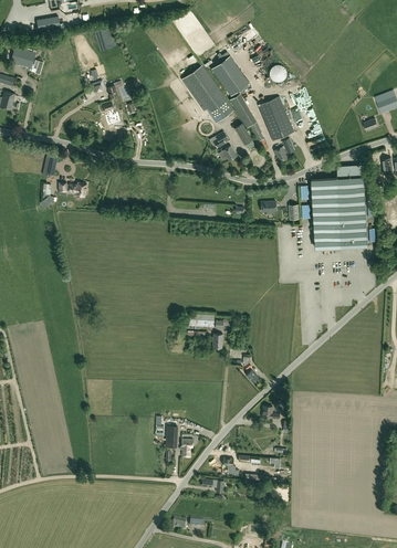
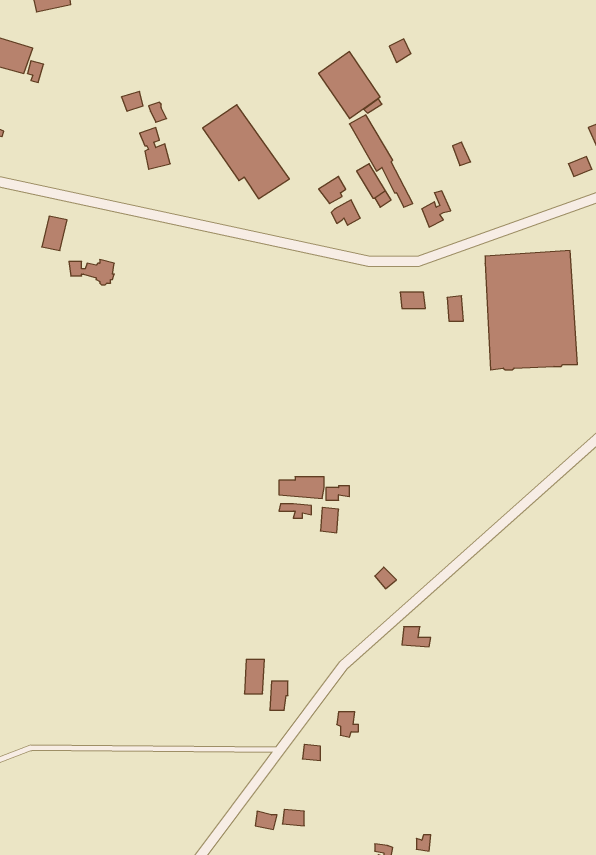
building: [180,64,233,122] -> [203,105,289,199]
building: [257,96,293,140] -> none

